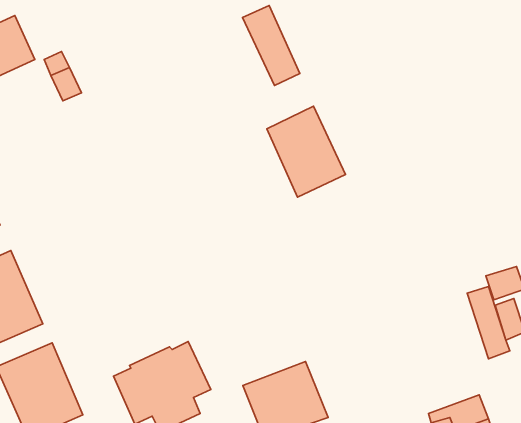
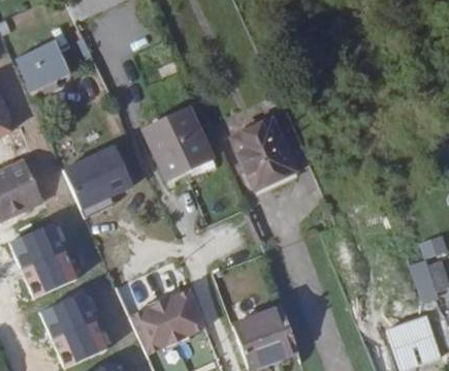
building: [243,5,300,86] -> [230,127,275,189]
building: none -> [145,107,213,178]
building: none -> [63,145,136,211]

